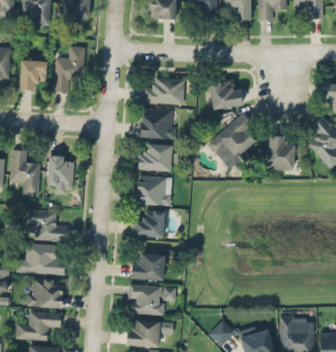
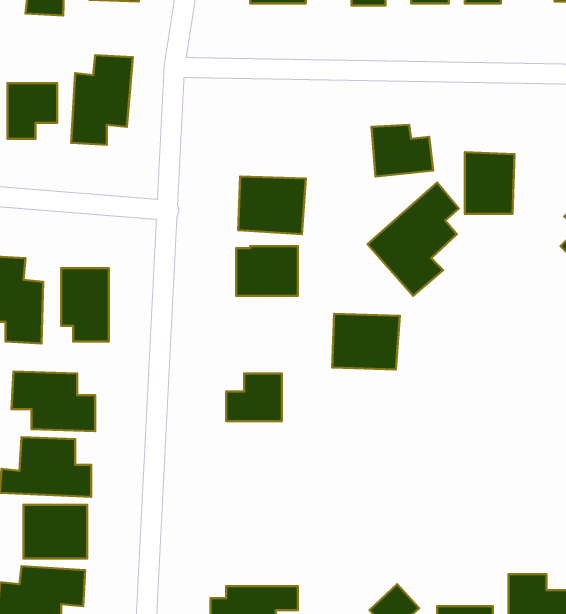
building: [142,77,183,102] -> none
building: [268,136,294,168] -> [465,152,515,214]
building: [136,175,171,204] -> [332,314,400,370]
building: [132,253,163,279] -> none
building: [127,284,174,315] -> none

